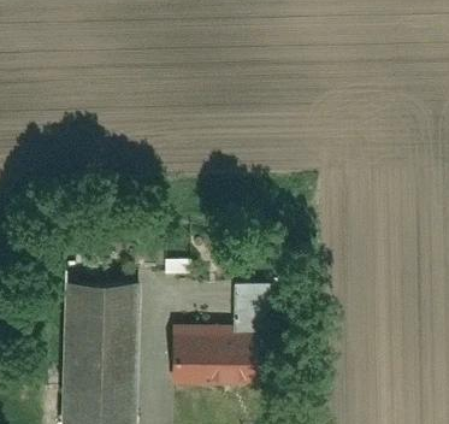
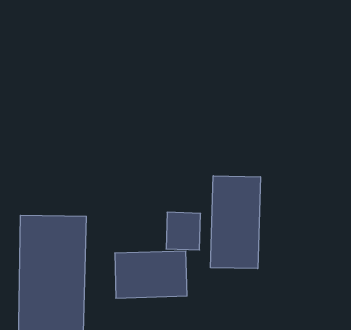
building: none -> [211,176,260,269]

